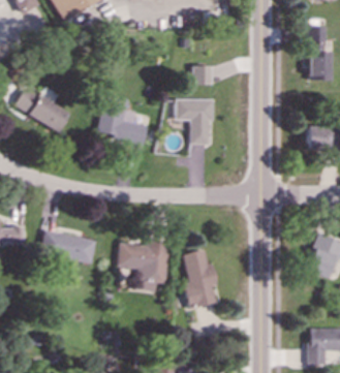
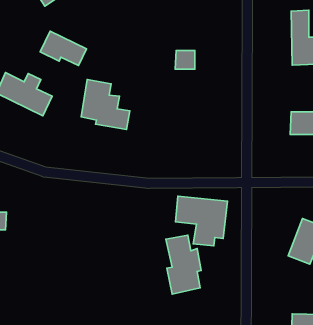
building: none -> [40,31,87,65]
building: [176,98,214,144] -> none
building: [39,228,96,263] -> none
building: [118,241,169,290] -> [176,196,227,246]

